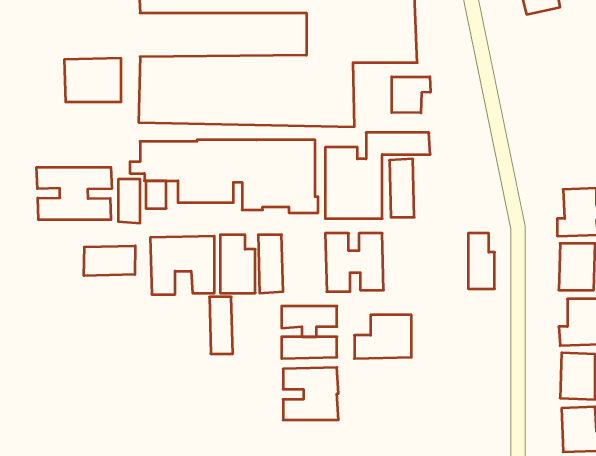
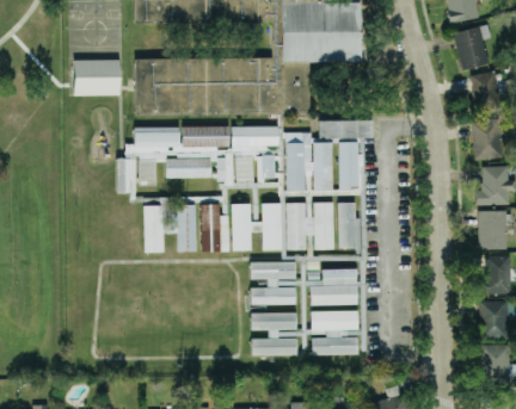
building: none -> [452,24,491,70]
building: none -> [469,73,499,112]
building: [392,77,430,113] -> none
building: none -> [473,120,502,159]
building: [37,167,112,220] -> none
building: [468,233,495,289] -> [339,203,361,248]
building: [84,246,135,276] -> none
building: [209,297,233,354] -> [263,204,282,250]
building: none -> [311,310,358,355]

